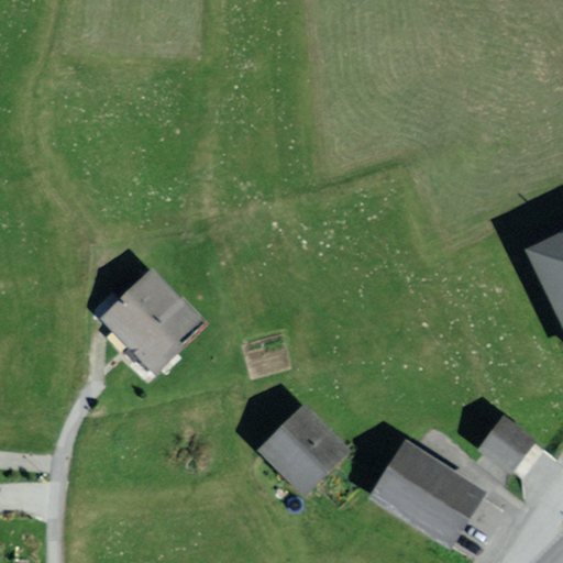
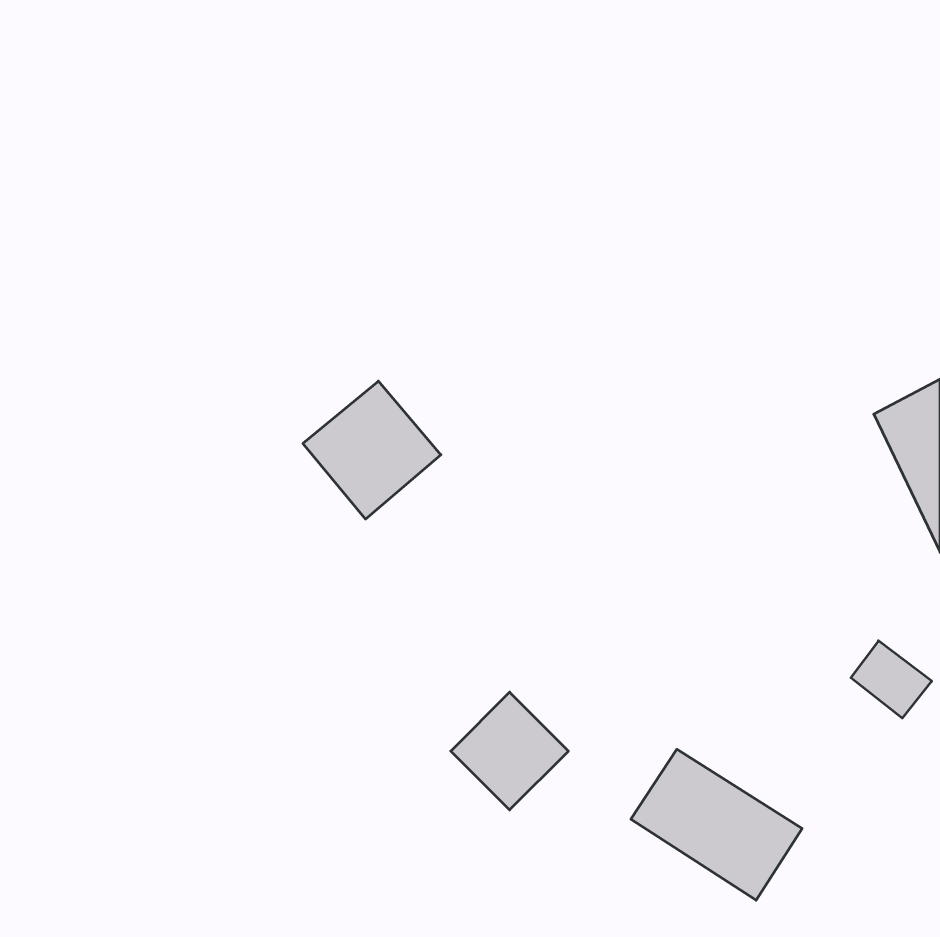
building: [111,276,194,358] -> [303,381,441,519]
building: [485,420,533,466] -> [851,641,932,718]

